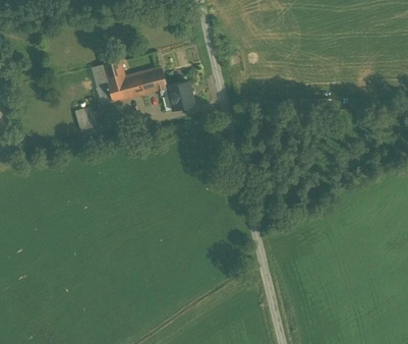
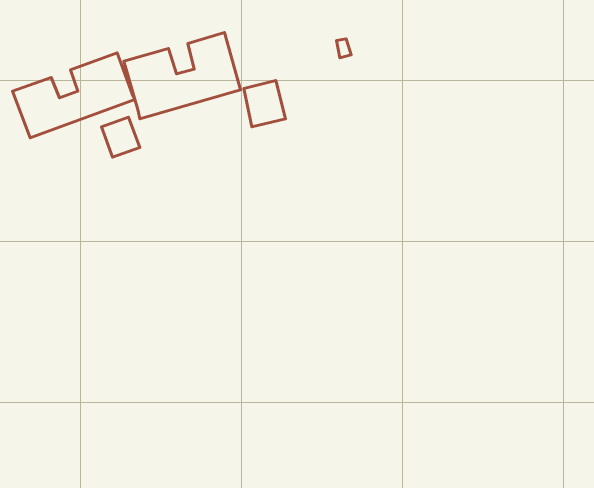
building: none -> [13,53,135,138]

